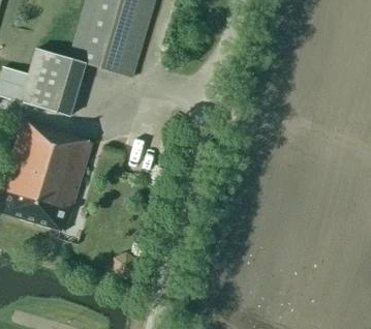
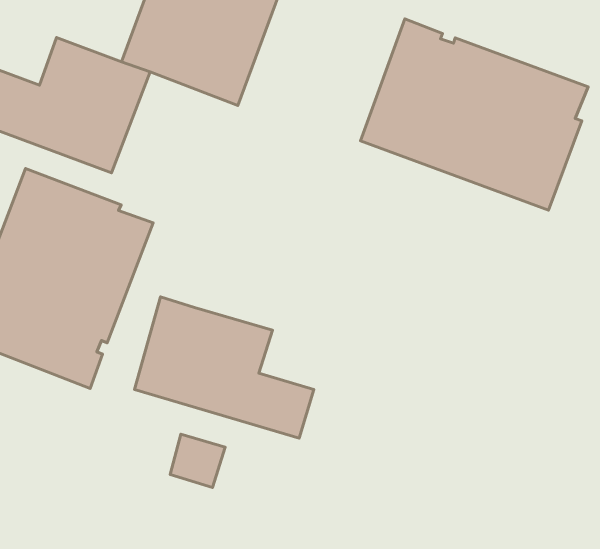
building: none -> [361,19,588,210]
building: none -> [134,297,314,438]

